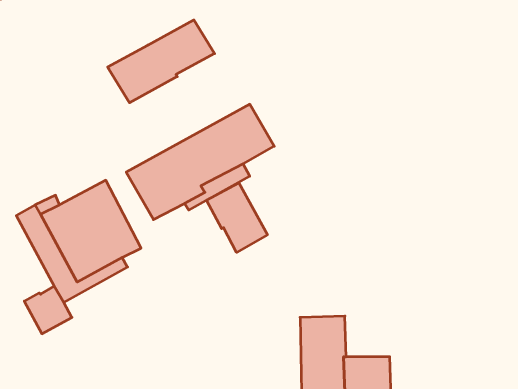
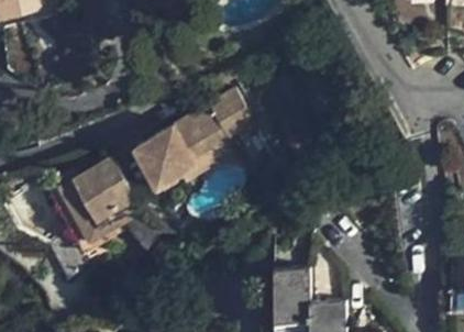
building: [108,20,215,103] -> none
building: [207,183,267,252] -> none

